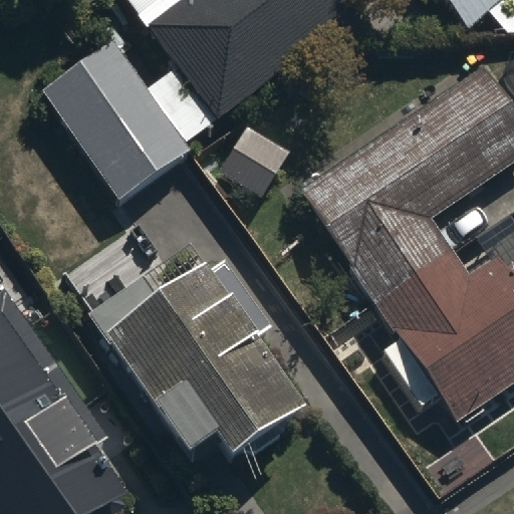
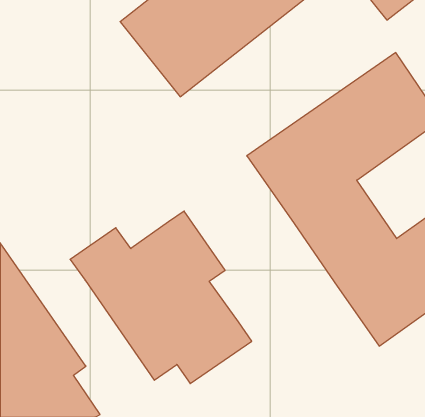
building: [45,37,192,197] -> none

